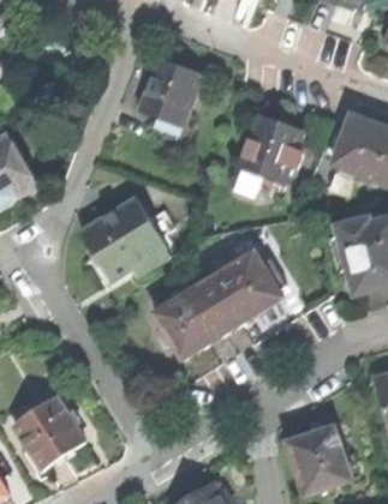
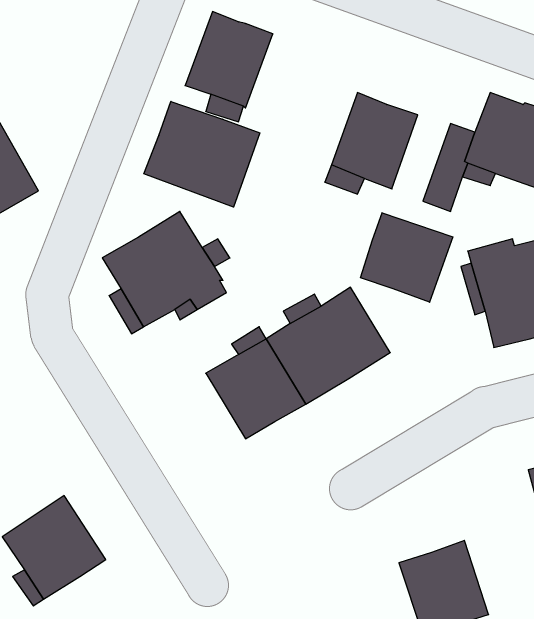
building: none -> [144,101,260,207]
building: none -> [361,213,453,302]

